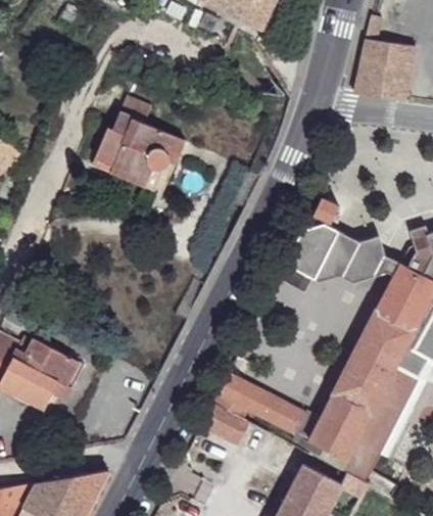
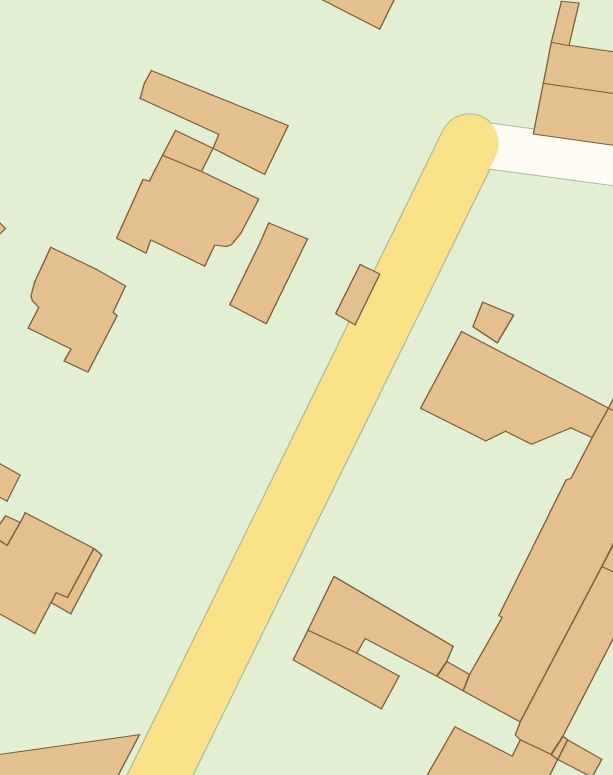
building: none -> [140,70,288,174]
building: none -> [230,223,308,324]
building: none -> [28,247,125,372]

